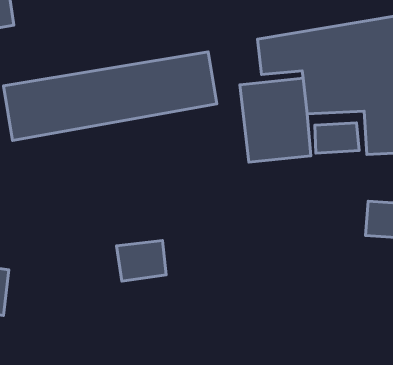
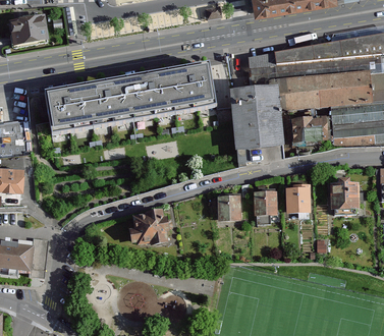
building: none -> [286,188,313,216]
building: none -> [256,191,279,218]
building: none -> [218,195,245,222]

